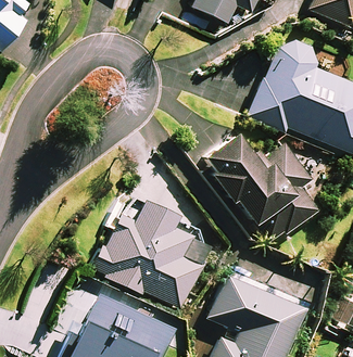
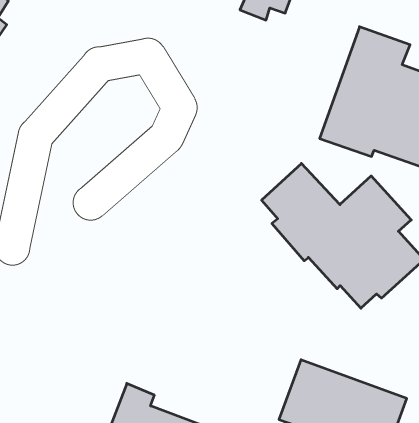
building: [89,201,201,307] -> none

